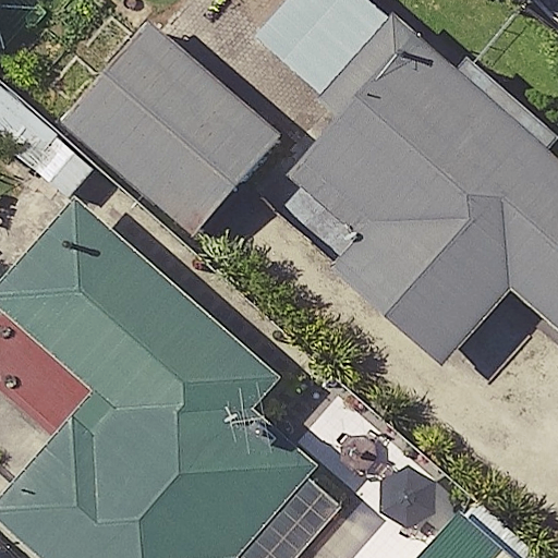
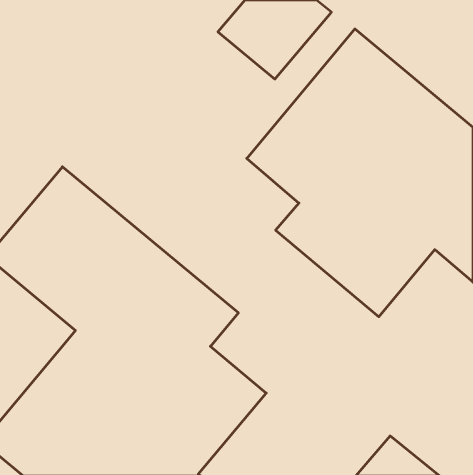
building: [62,22,282,235] -> none

